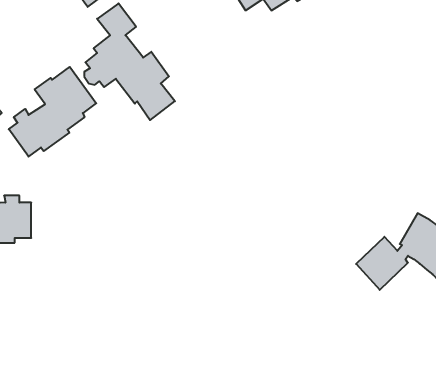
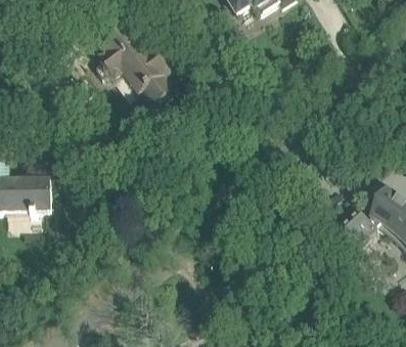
building: [9,67,96,157] -> none

